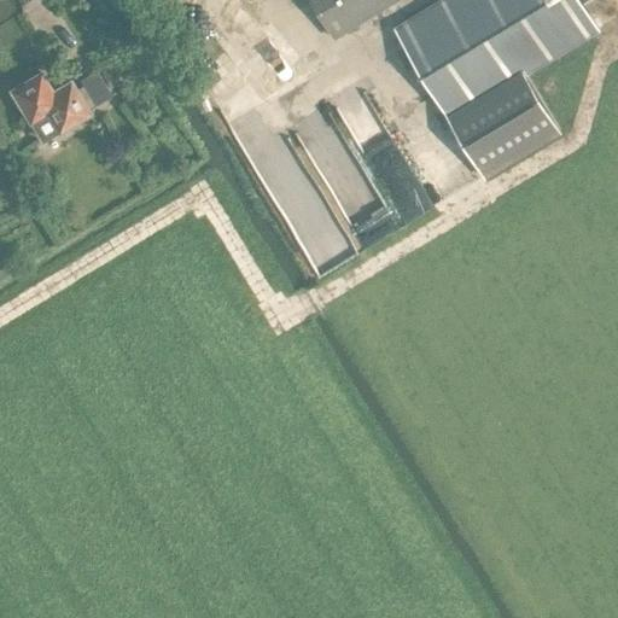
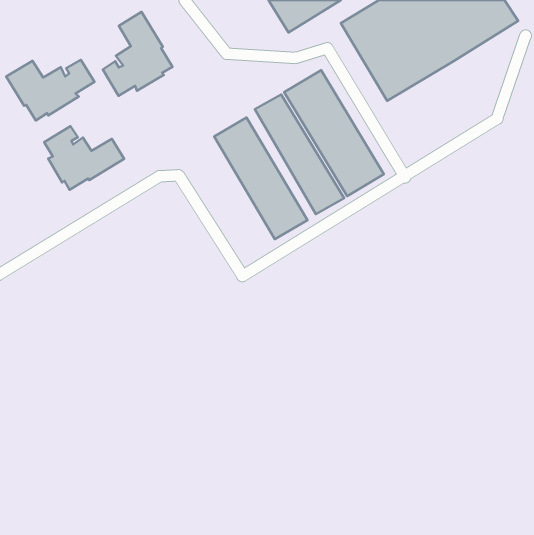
building: none -> [103,12,173,96]
building: [445,71,559,179] -> none
building: none -> [44,126,124,190]

